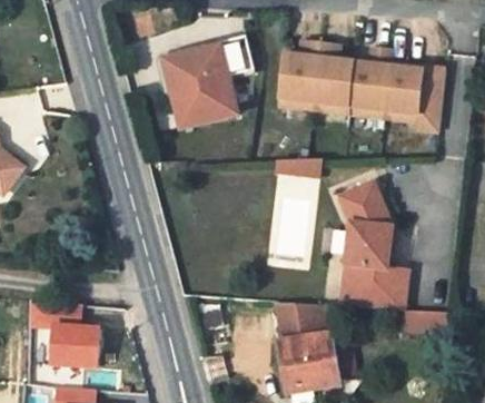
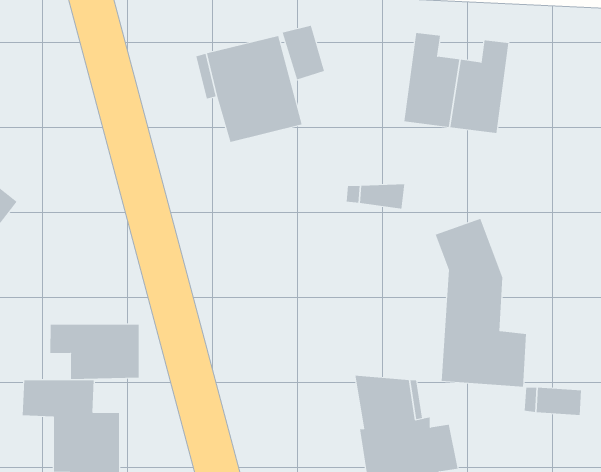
building: [278,39,321,108] -> none
building: [383,62,446,132] -> none
building: none -> [50,324,139,380]

